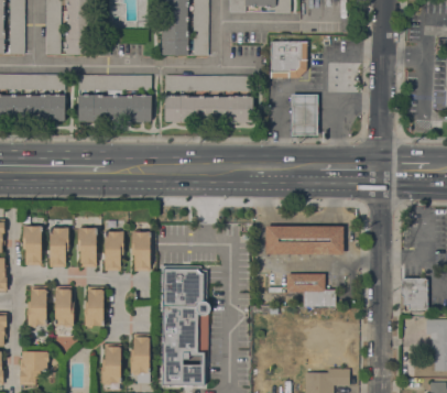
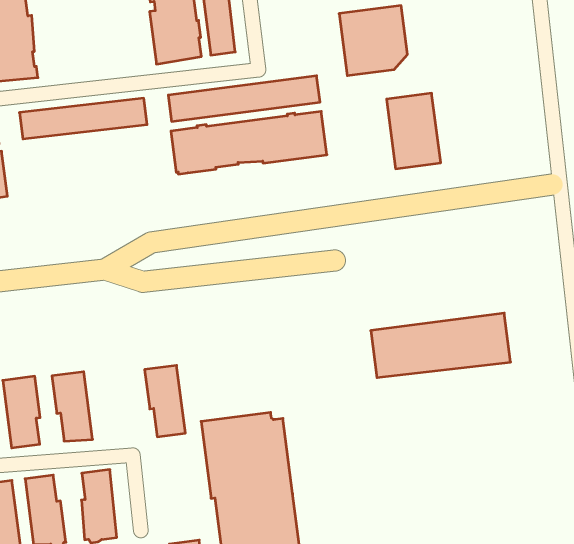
building: [78,94,151,121] -> none
building: [103,231,123,271] -> none
building: [286,273,335,305] -> none

